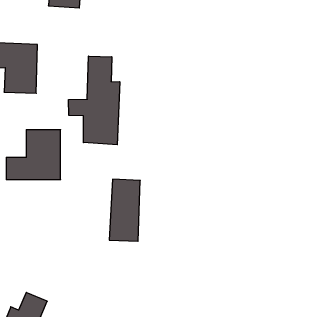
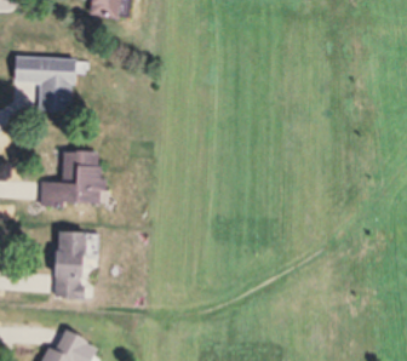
building: [69,56,120,145] -> none
building: [109,179,140,241] -> [52,231,86,299]

